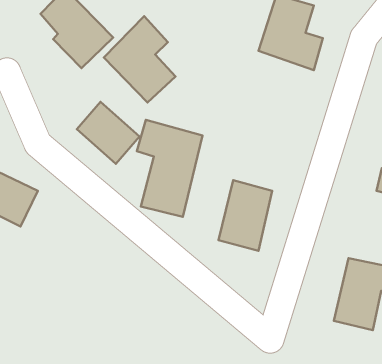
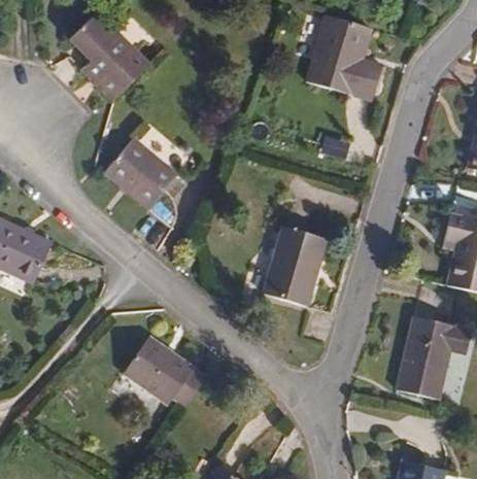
building: [104,16,176,102] -> none
building: [137,120,203,217] -> none
building: none -> [120,332,206,404]

